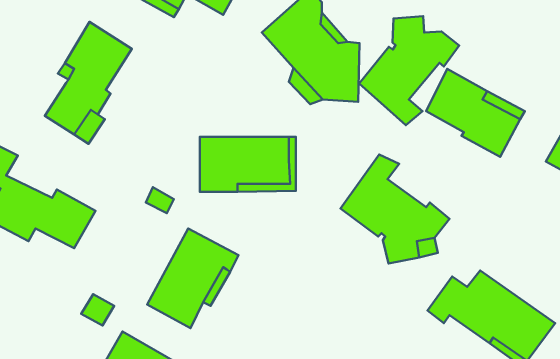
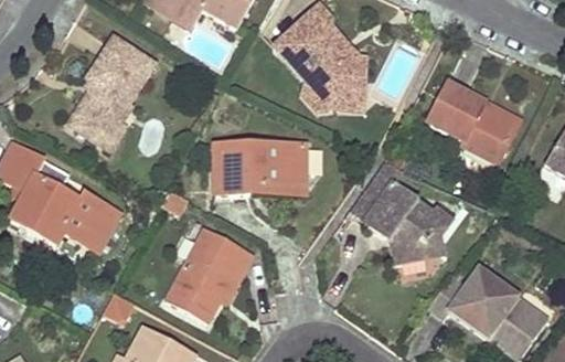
building: [359,16,459,125] -> none

